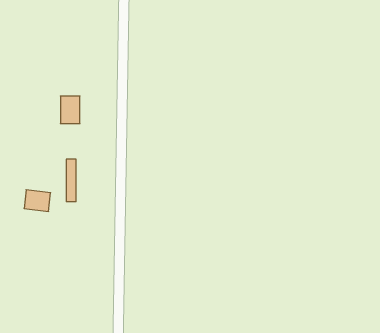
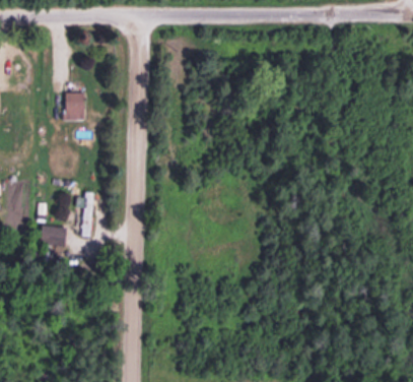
building: [60,96,80,124] -> [65,92,85,121]

